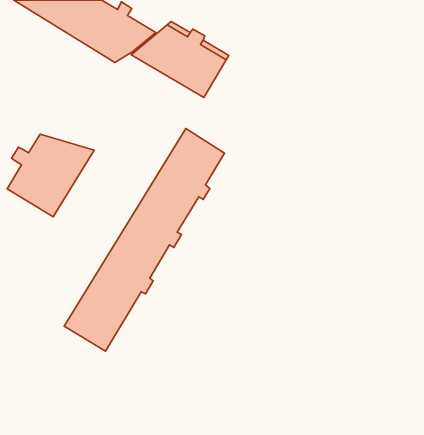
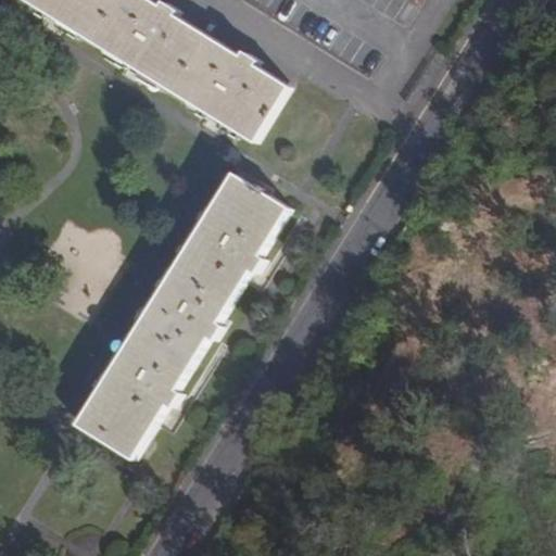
building: [7,134,94,217] -> none

